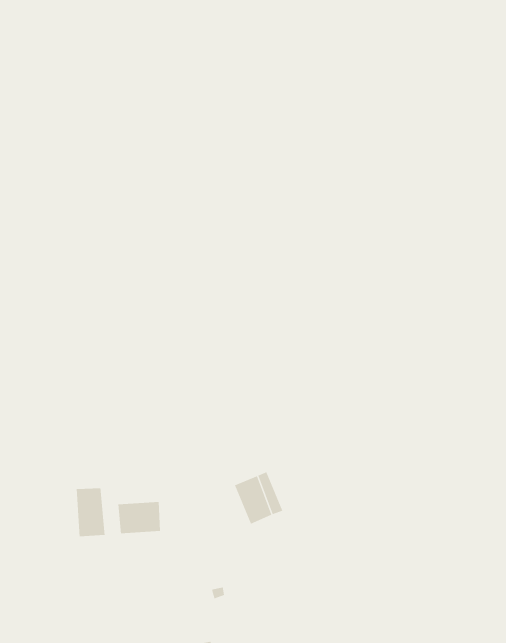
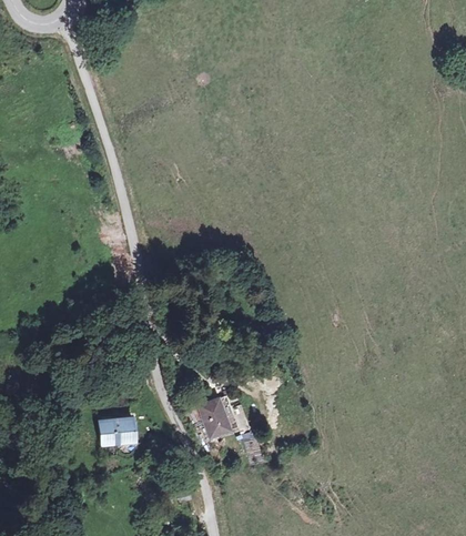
building: [76,487,105,537] -> none

